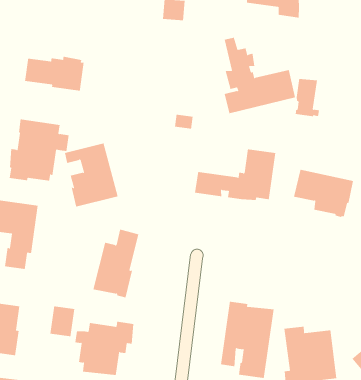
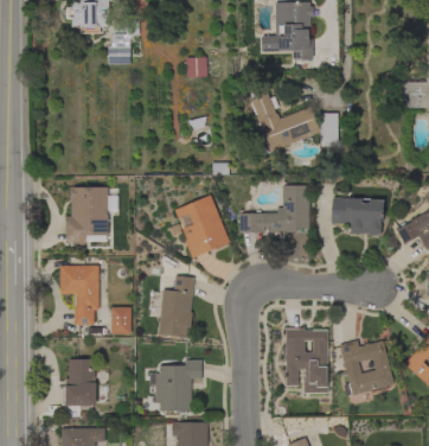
building: [24,56,84,92] -> none
building: [64,143,119,207] -> [174,195,230,257]
building: [50,306,75,337] -> [111,307,132,333]

